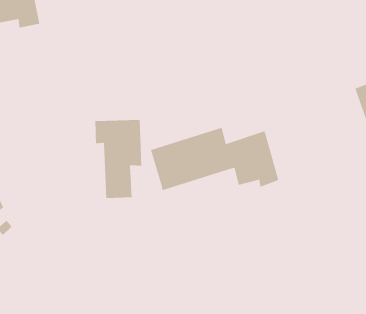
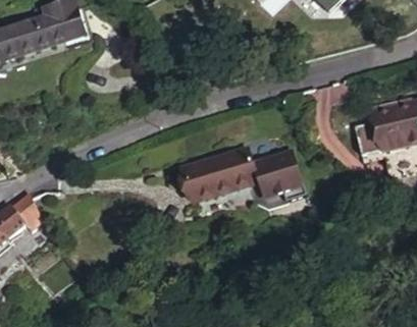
building: [95,119,142,199] -> none

